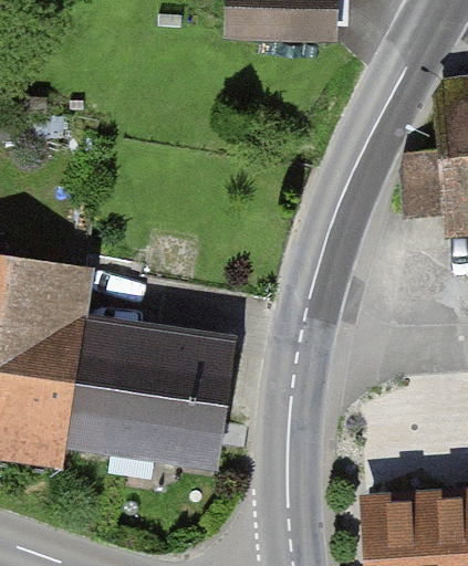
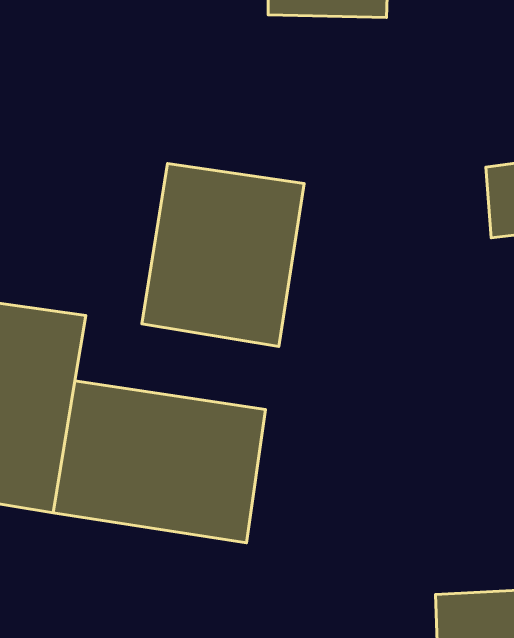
building: none -> [142,164,304,346]

